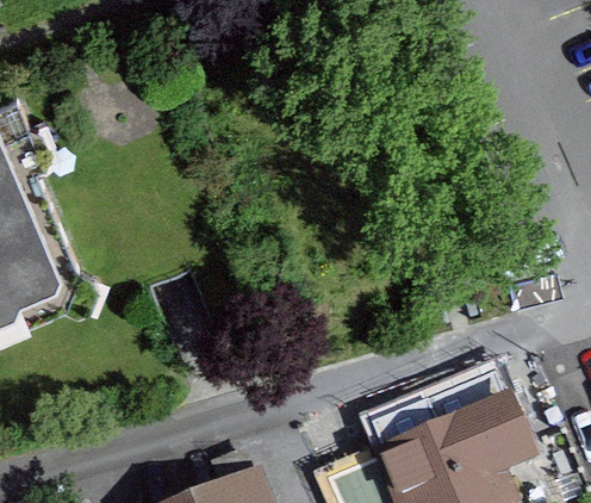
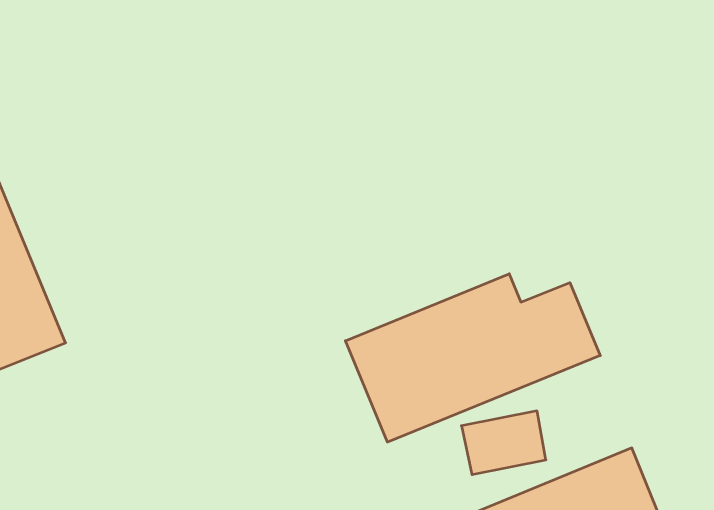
building: none -> [345,274,600,442]

